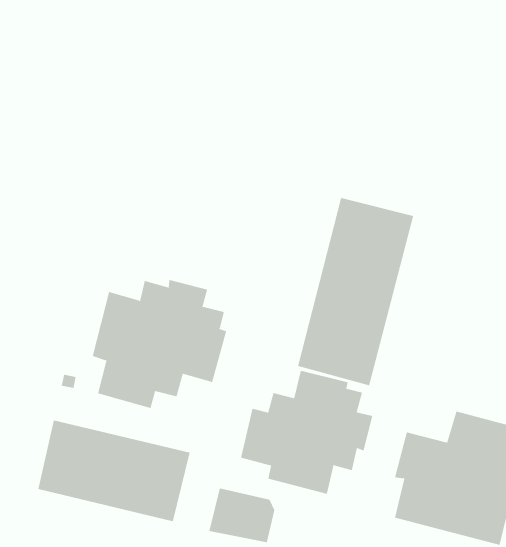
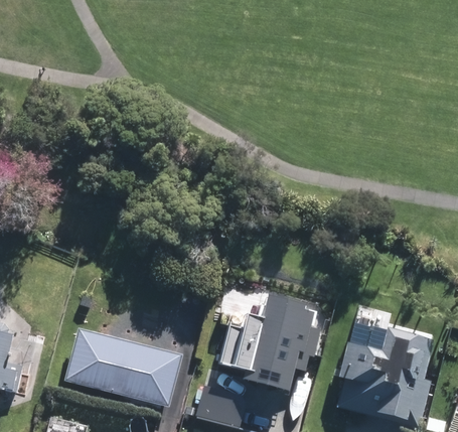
building: [297,197,414,386] -> none
building: [92,279,227,409] -> none

